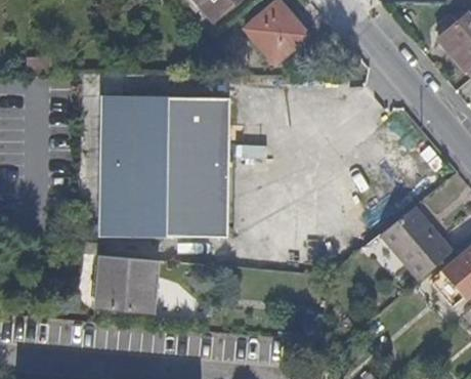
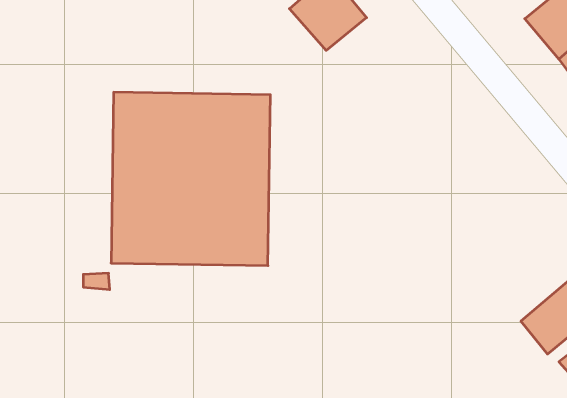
building: [380,208,453,283] -> none
building: [99,257,159,313] -> none

